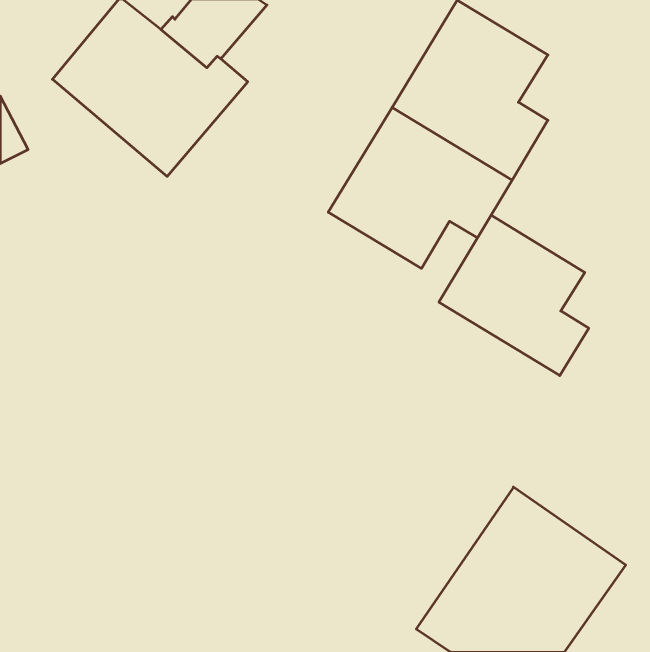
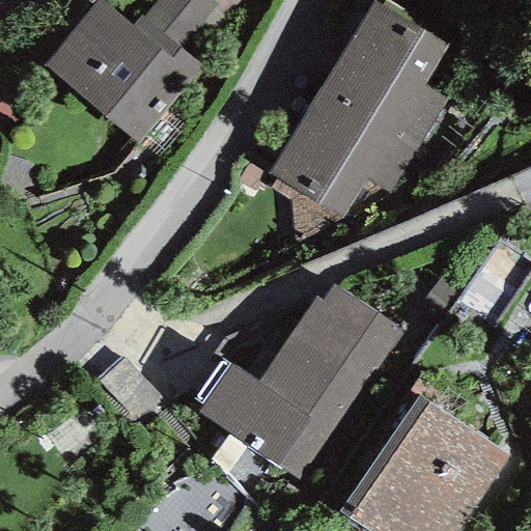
building: [439,215,589,376] -> none
building: none -> [198,283,406,482]

